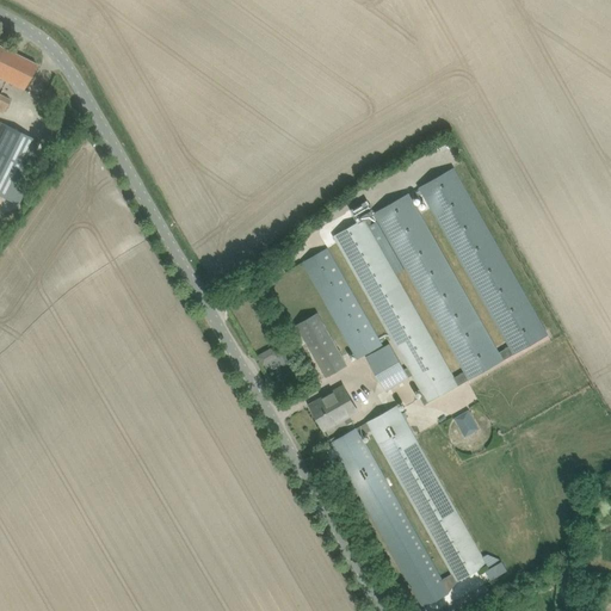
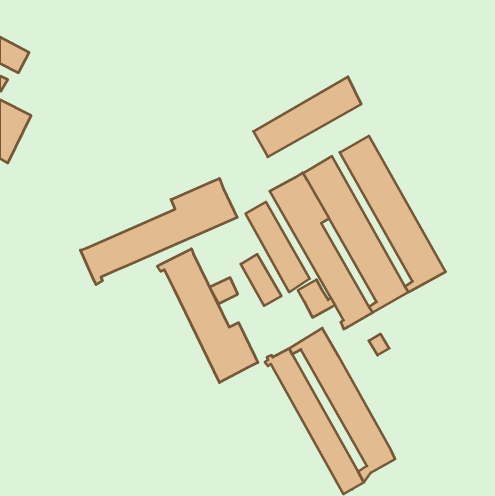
building: none -> [253,77,361,157]
building: none -> [80,178,237,285]
building: none -> [157,249,258,383]
building: [310,385,357,430] -> none

